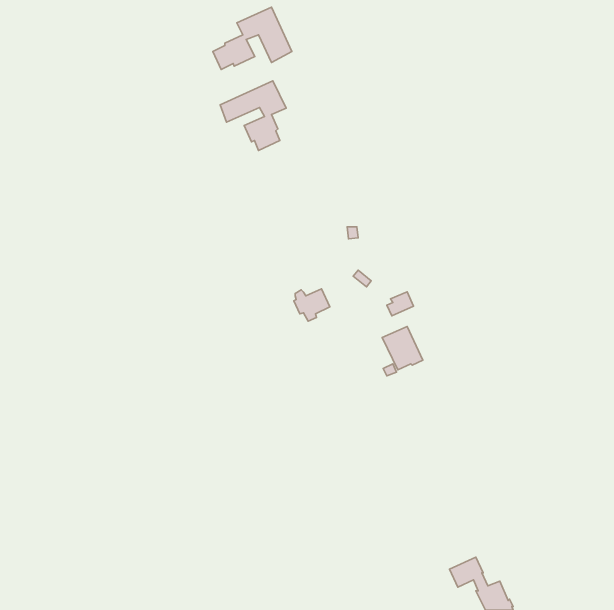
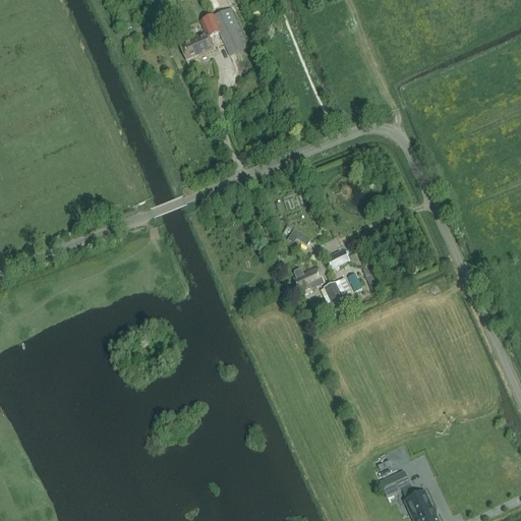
building: [220,81,286,150] -> none
building: [294,289,330,321] -> [293,266,324,293]

